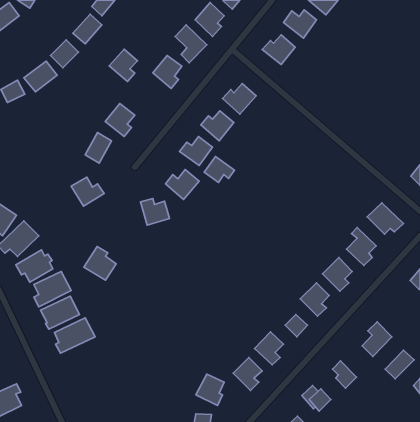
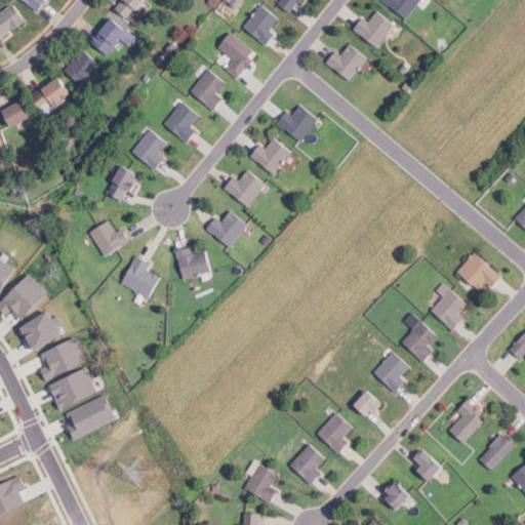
building: [109,49,137,81] -> [163,103,198,143]
building: [204,156,234,183] -> none
building: [84,246,116,280] -> [119,256,159,298]

